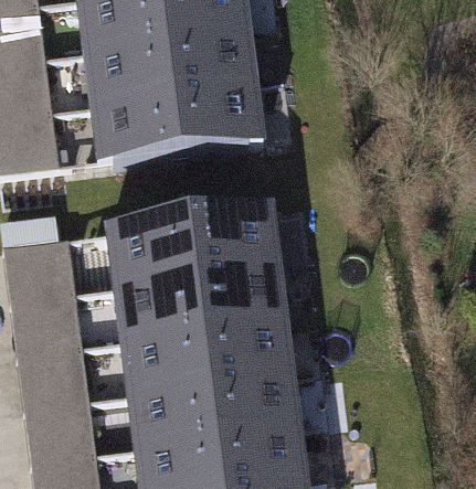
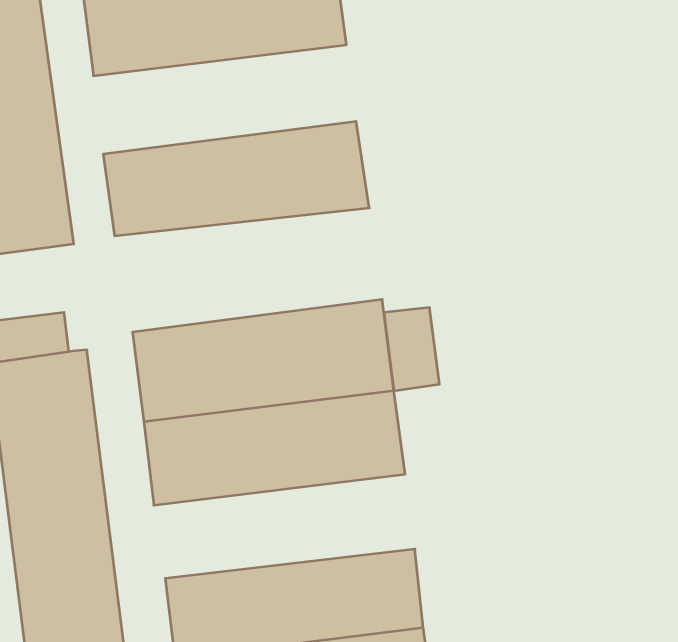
building: [76,35,254,109] -> none
building: [117,326,294,396] -> none

